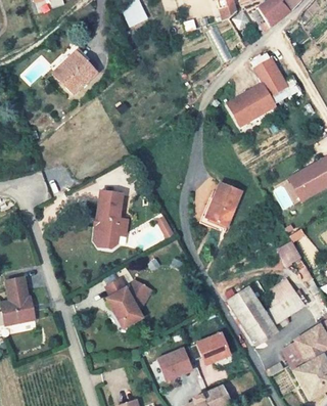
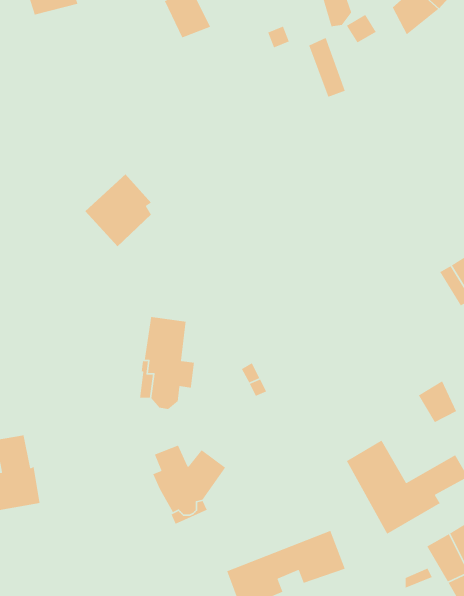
building: [57,53,99,99] -> [85,173,152,247]
building: [227,58,285,126] -> none
building: [198,179,240,228] -> none

